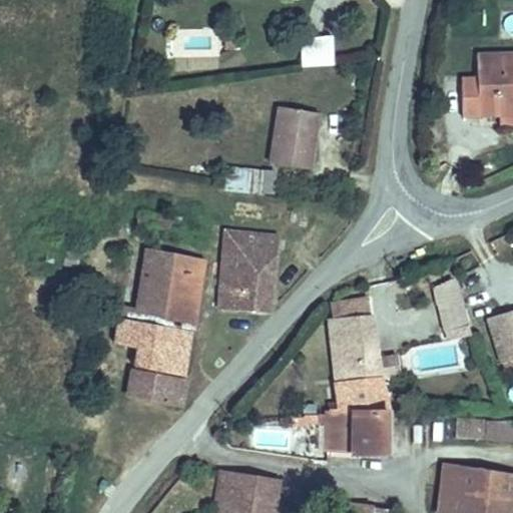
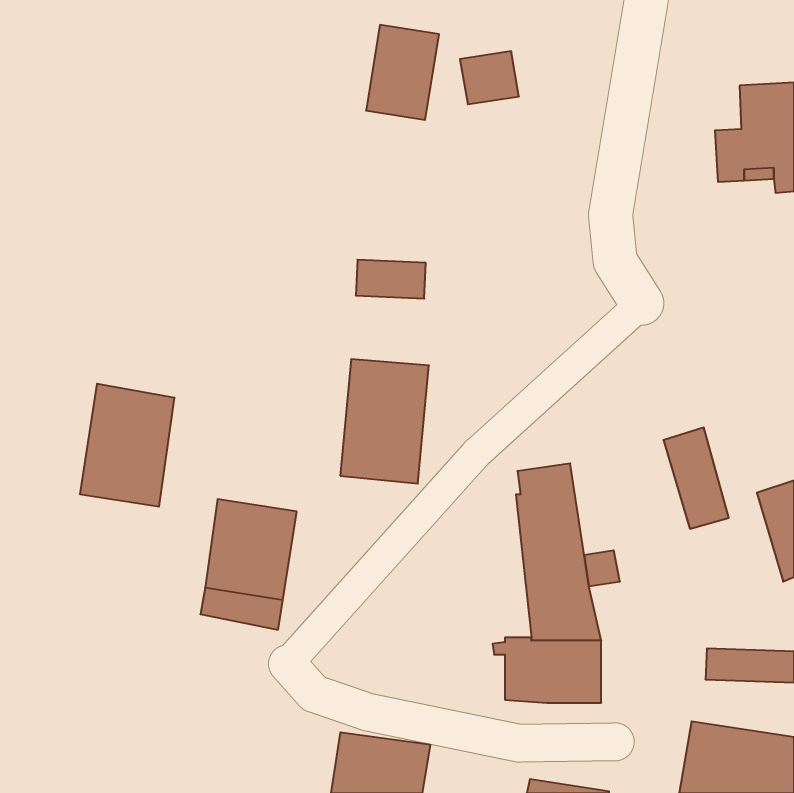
building: [271,107,318,168] -> [366,25,439,120]
building: [140,250,201,330] -> [80,384,175,507]

